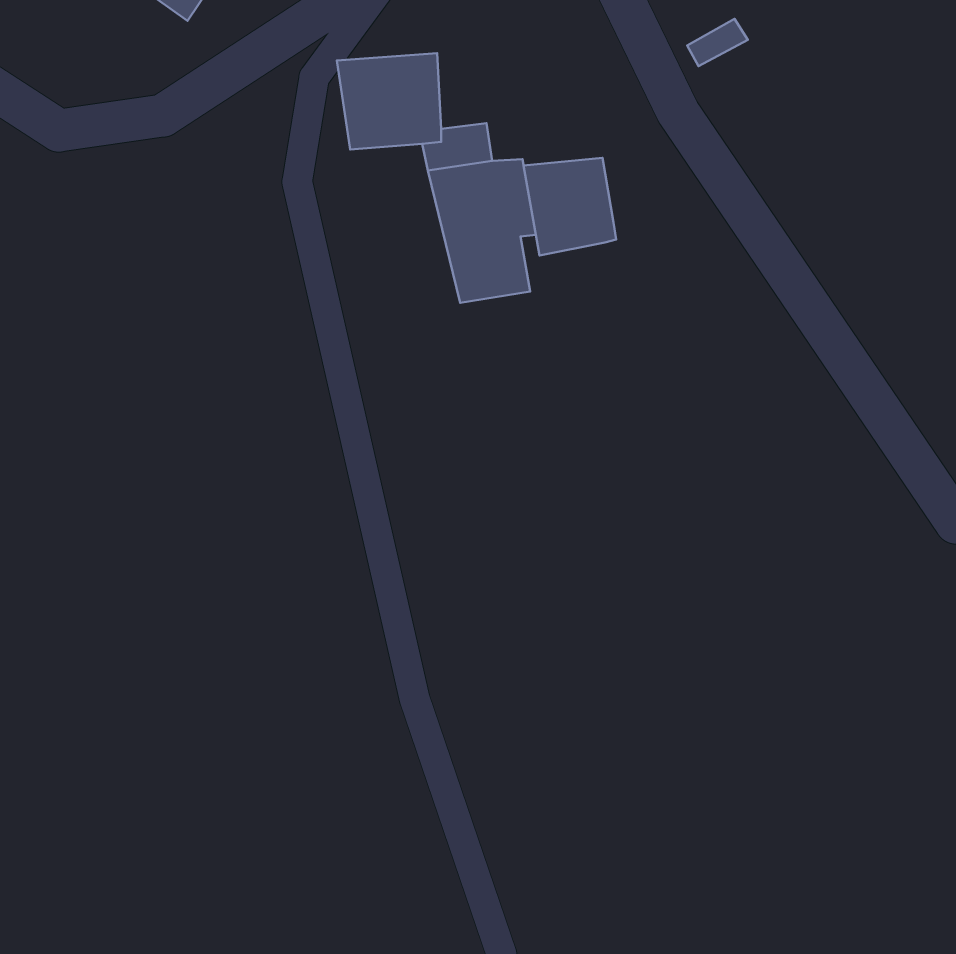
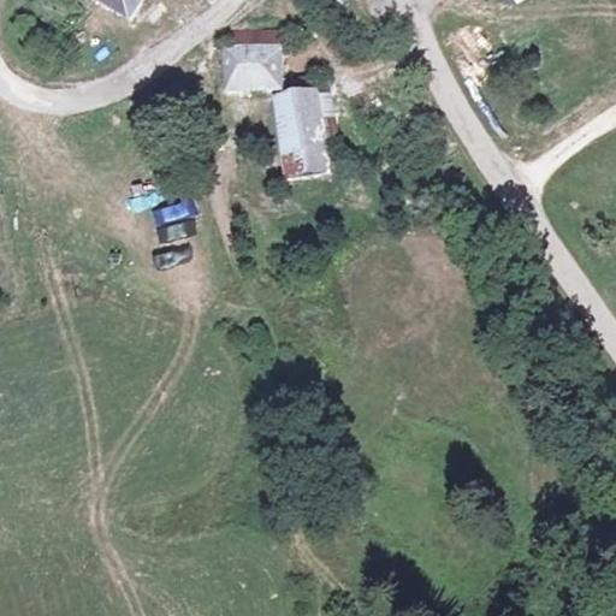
building: [524,158,616,256] -> none

